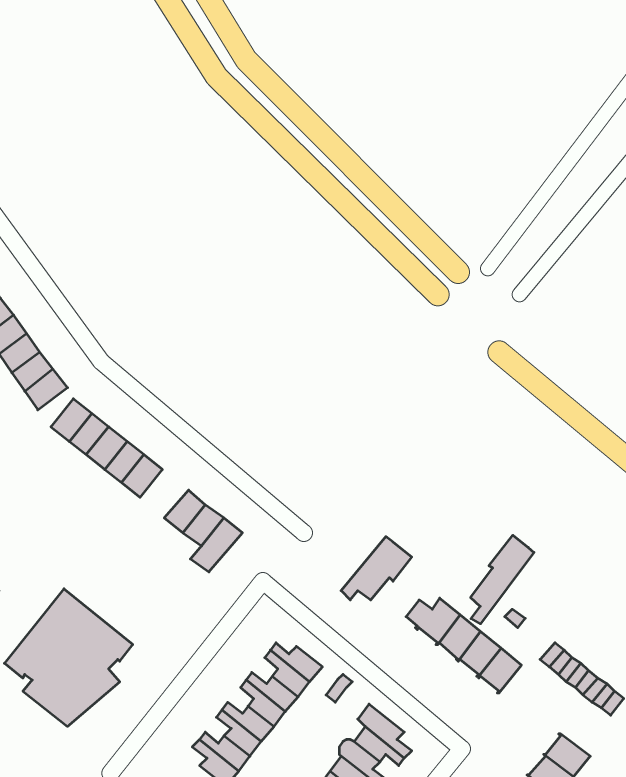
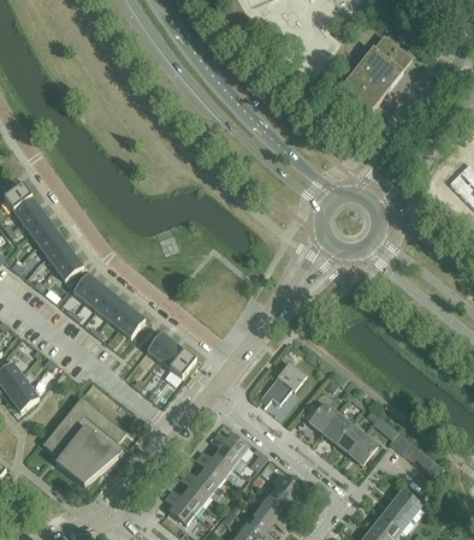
building: none -> [342,35,411,109]
building: [471,535,534,624] -> none

